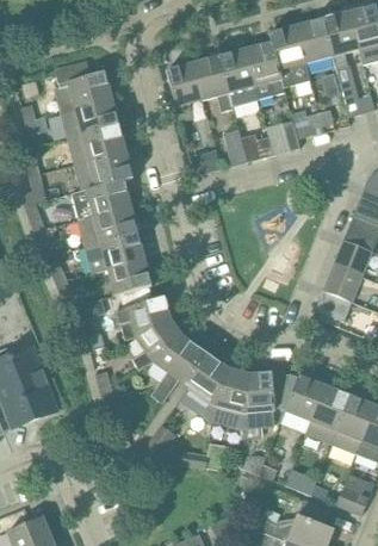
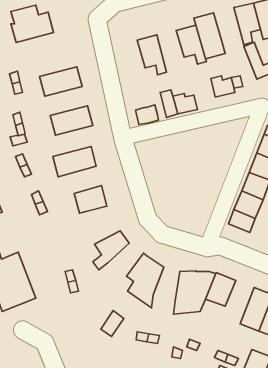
building: [295,18,331,62] -> none
building: [218,49,259,106] -> none
building: [54,61,111,111] -> [11,5,54,42]
building: [166,62,203,120] -> none
building: [266,119,300,155] -> none
building: [68,124,125,163] -> none
building: [73,176,132,218] -> none
building: [86,231,144,272] -> none
building: [116,286,169,340] -> none
building: [150,335,200,403] -> none
building: [211,367,249,430] -> none
building: [304,385,349,443] -> none

